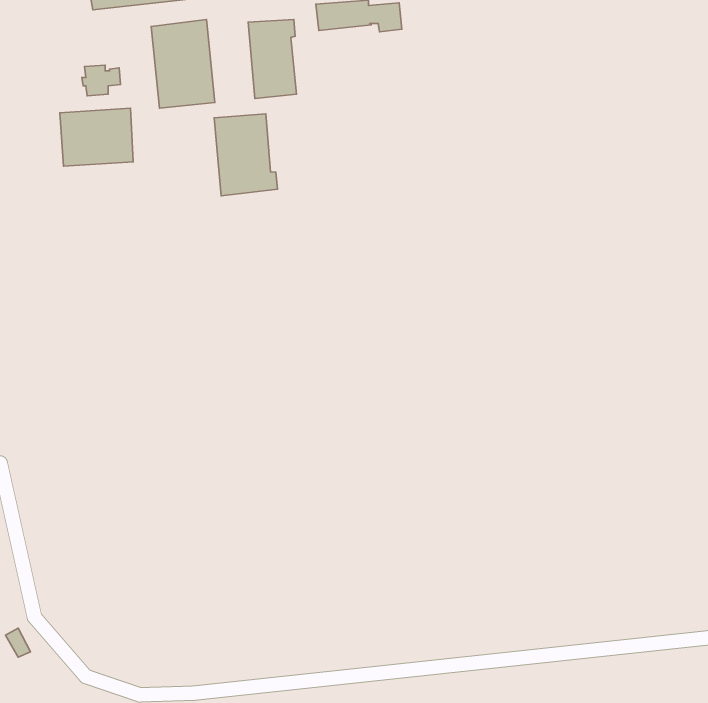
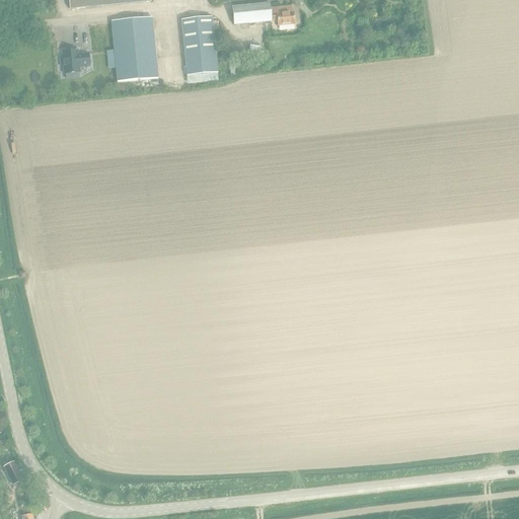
building: [60,108,133,166] -> none
building: [214,114,278,196] -> none

